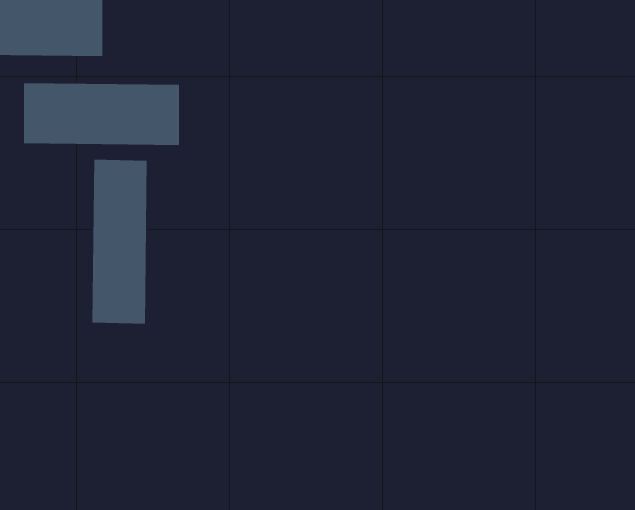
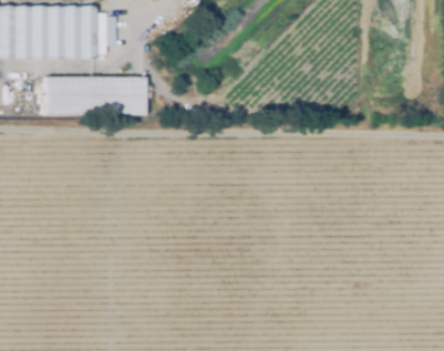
building: [92,159,147,325] -> none

